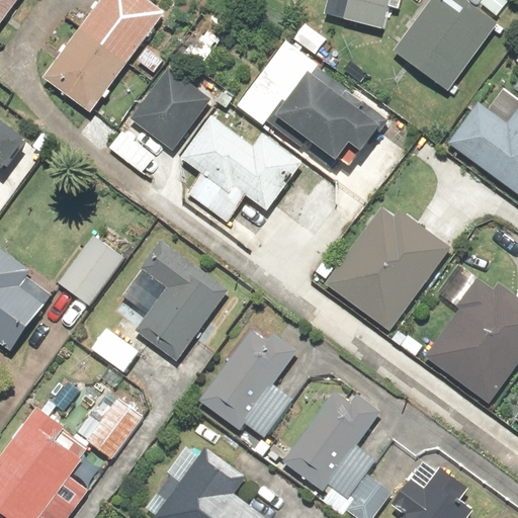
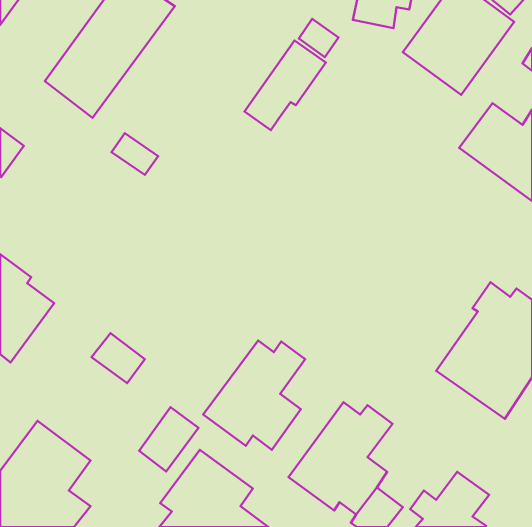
building: [270,61,390,161] -> none
building: [127,65,211,152] -> none
building: [178,117,303,222] -> none
building: [323,207,452,335] -> none
building: [56,231,126,306] -> none
building: [134,245,227,359] -> none
building: [85,397,143,459] -> [139,407,198,472]

